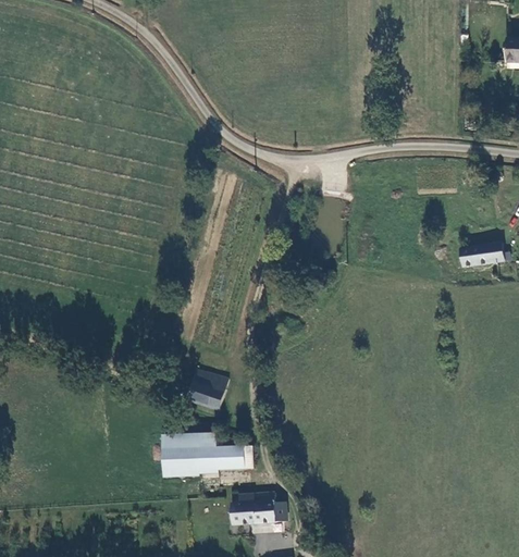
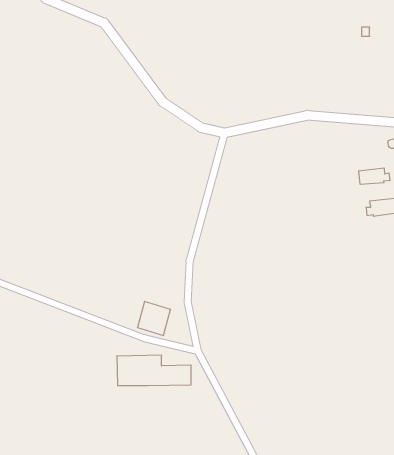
building: none -> [359,168,390,184]
building: [233,497,291,523] -> none

